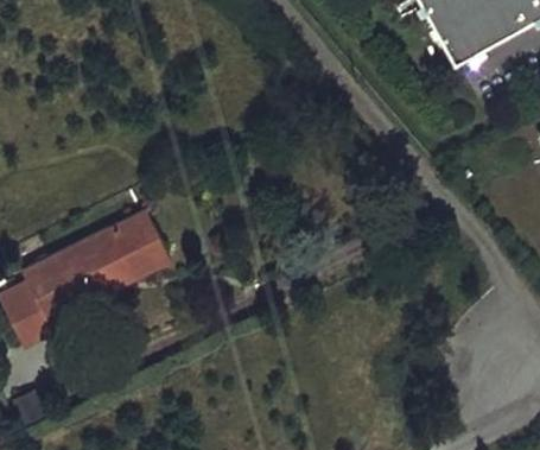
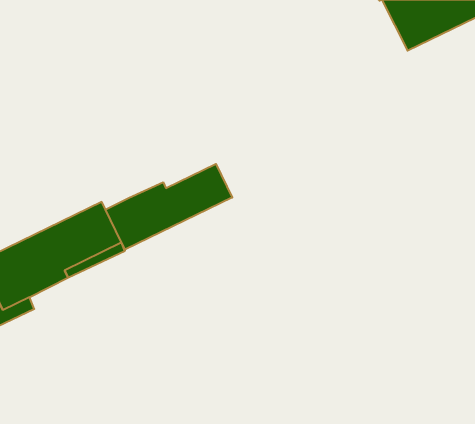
building: none -> [105,164,232,250]

